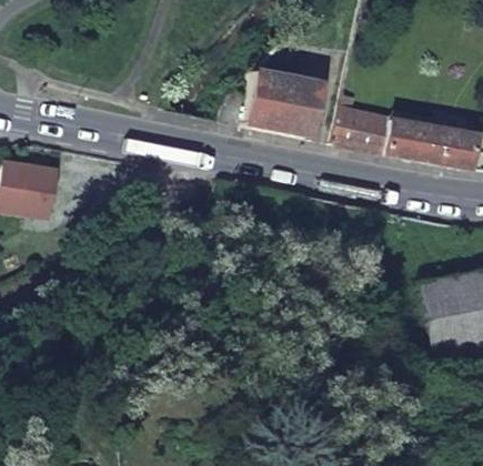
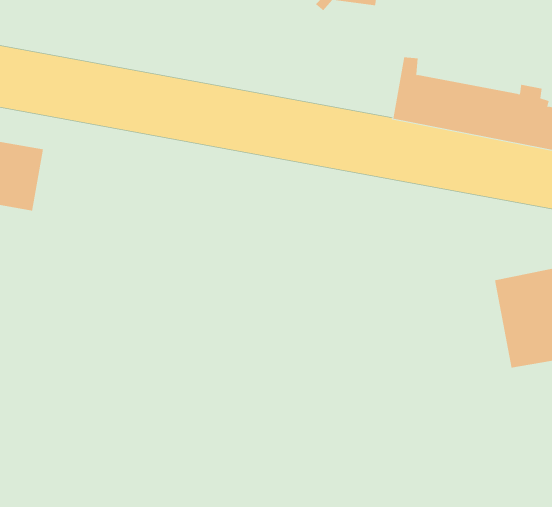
building: [230,73,322,140] -> none

